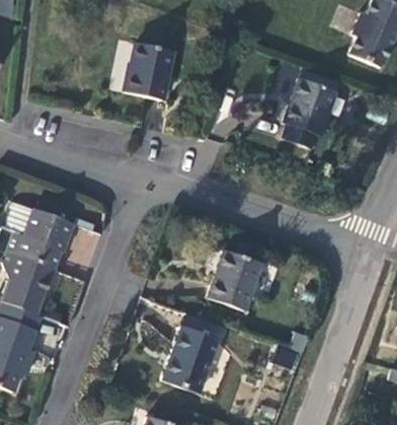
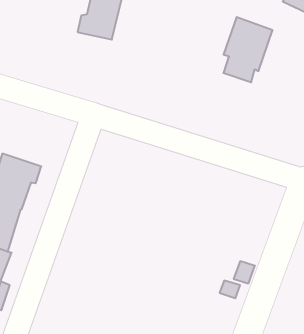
building: [208,252,261,311] -> none
building: [162,328,219,395] -> none

